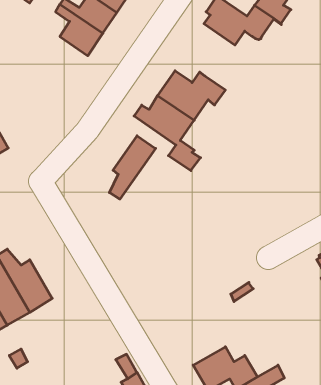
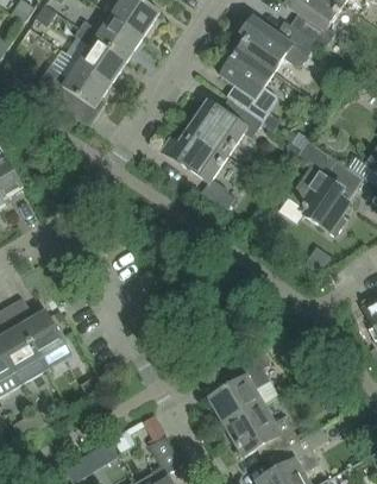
building: none -> [220,48,278,121]
building: none -> [33,62,111,112]
building: none -> [288,139,363,235]
building: [109,136,156,199] -> none
building: none -> [211,352,270,426]

